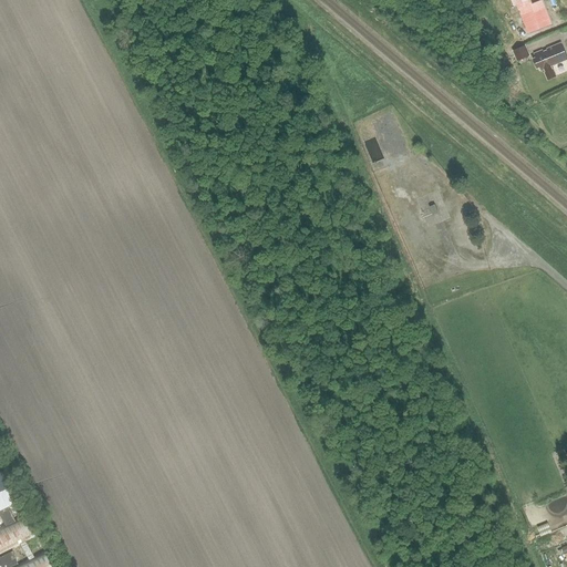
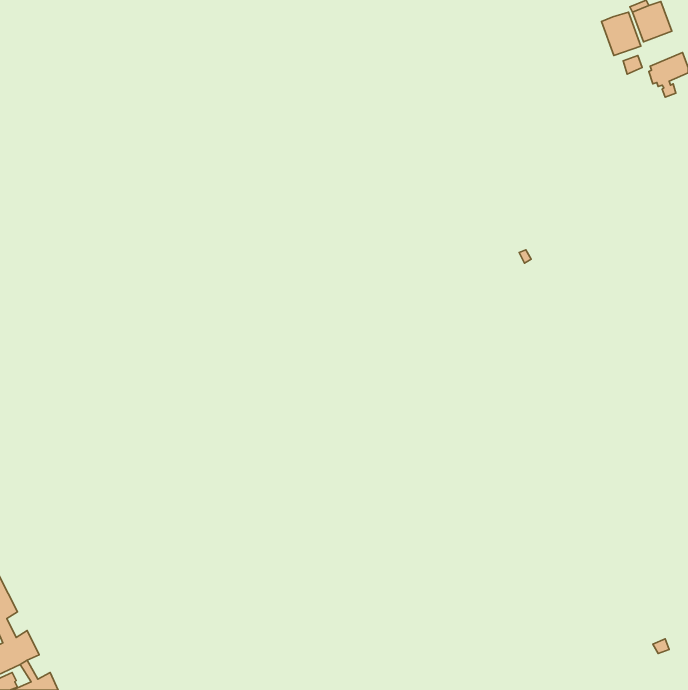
building: none -> [601,12,641,55]

